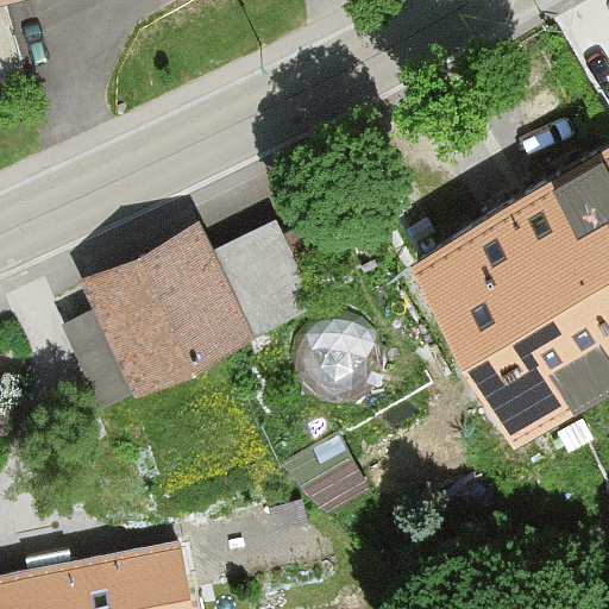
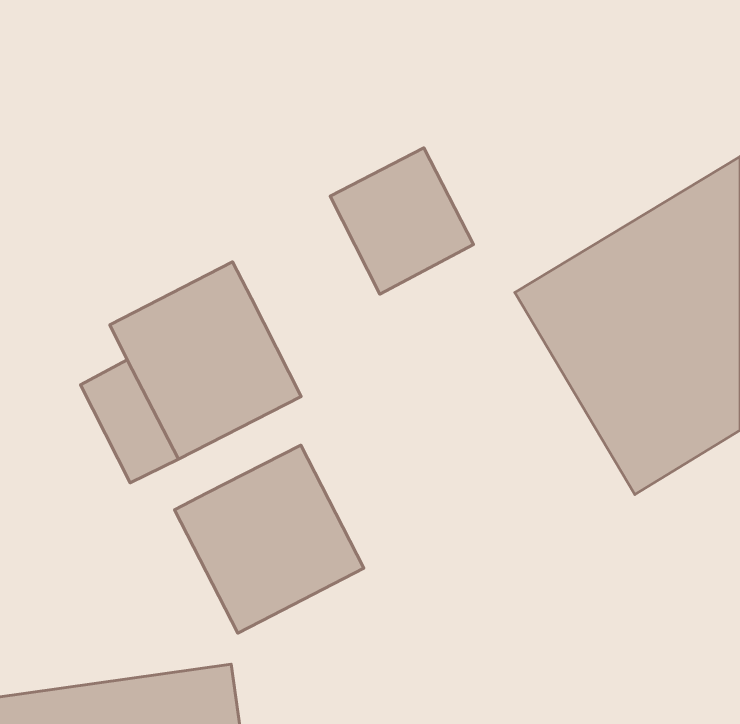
building: [205,222,321,341] -> [330,148,474,294]
building: none -> [175,445,364,633]

